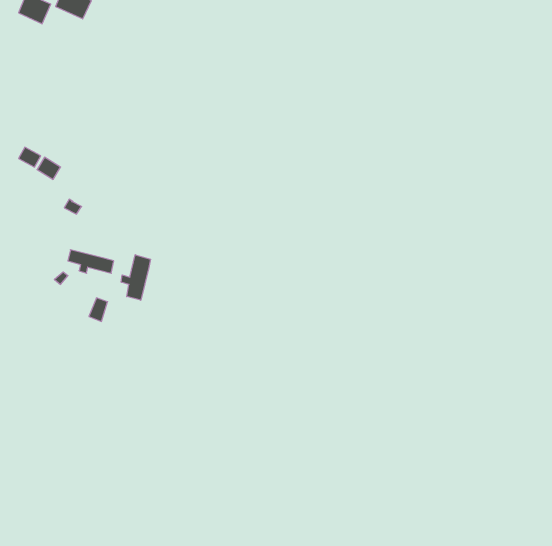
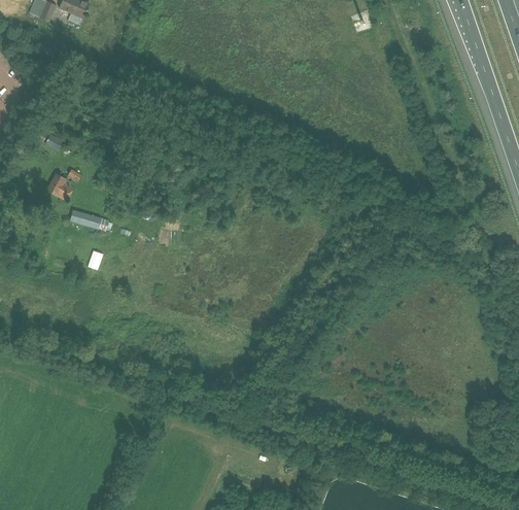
building: none -> [46,173,73,200]
building: [121,255,151,300] -> none

